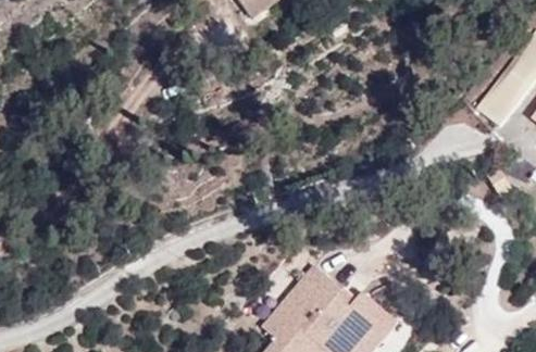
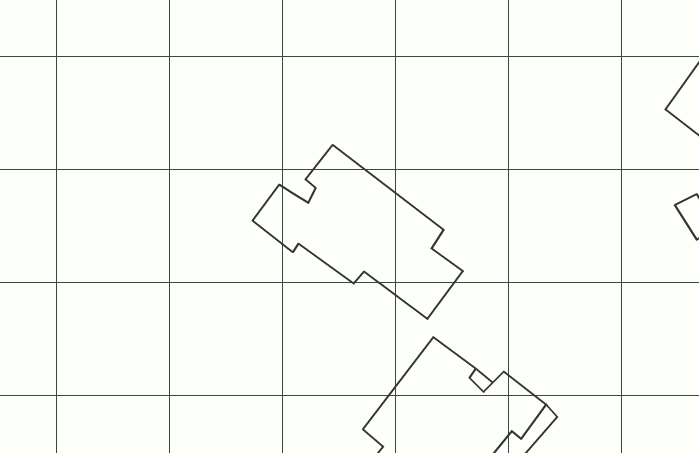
building: none -> [253,145,463,319]

